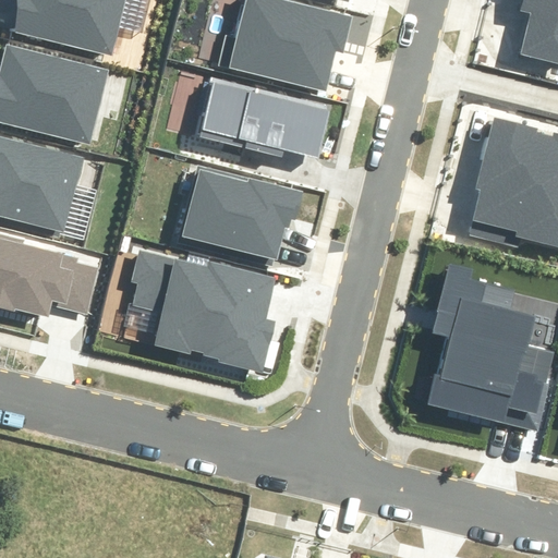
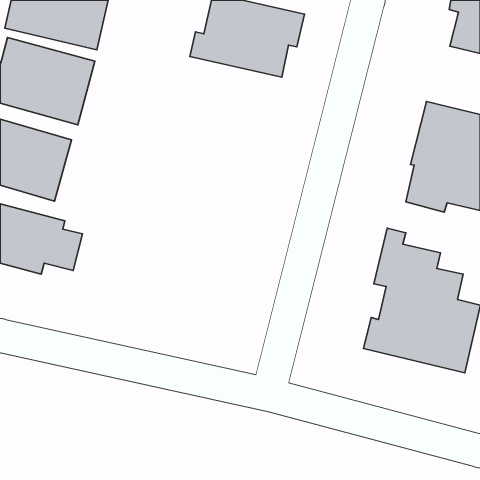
building: [197,78,332,158] -> none
building: [181,166,304,258] -> none
building: [130,251,275,372] -> none

